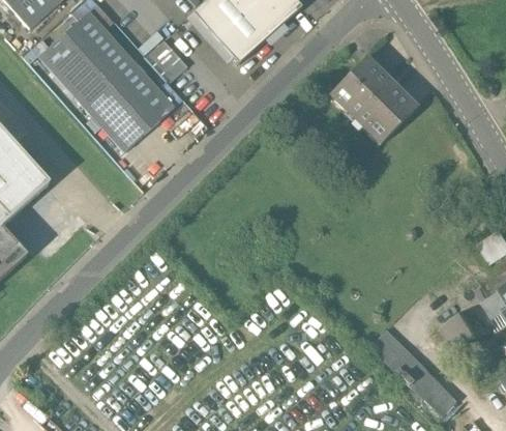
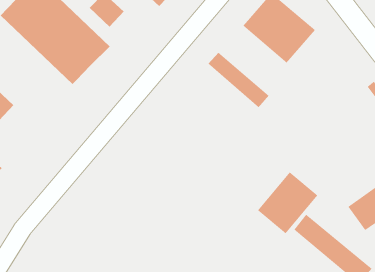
building: none -> [207,52,269,108]
building: none -> [257,171,318,234]

